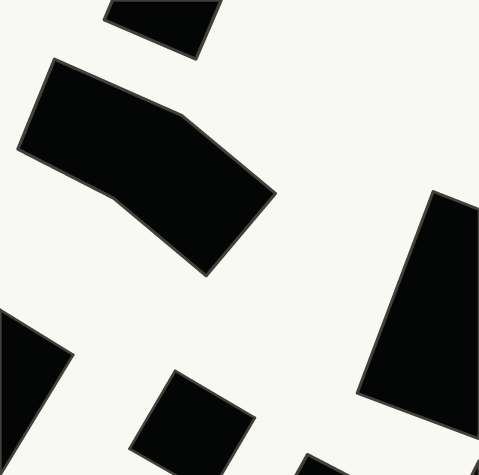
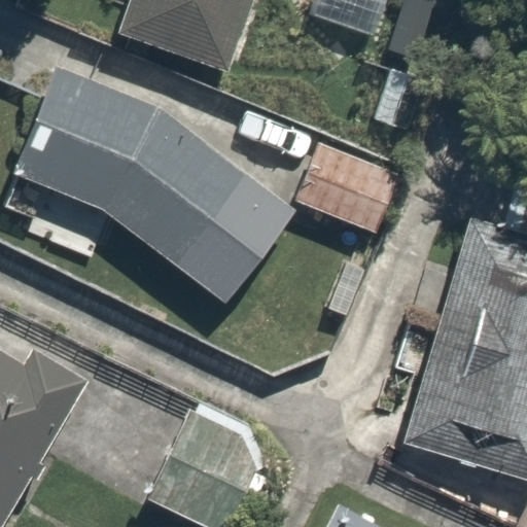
building: none -> [292,136,411,236]

